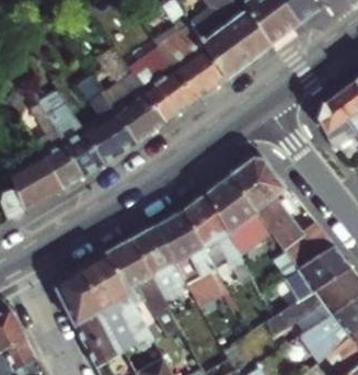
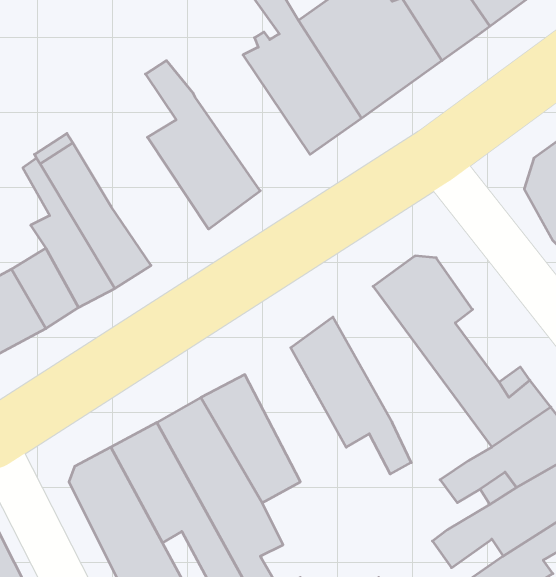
building: [128,24,194,121] -> none
building: [79,75,136,163] -> none
building: [207,175,298,275] -> none
building: [157,211,231,308] -> none

